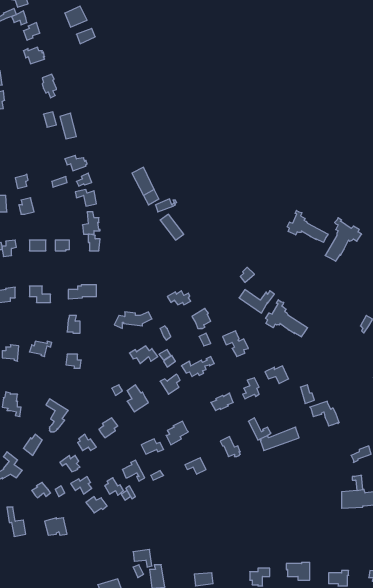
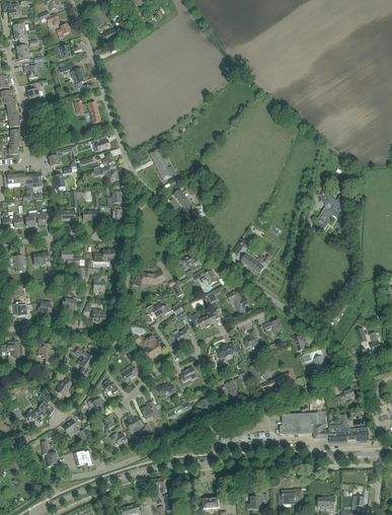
building: [287,210,328,242] -> none
building: [266,300,308,337] -> none
building: none -> [280,411,329,439]

